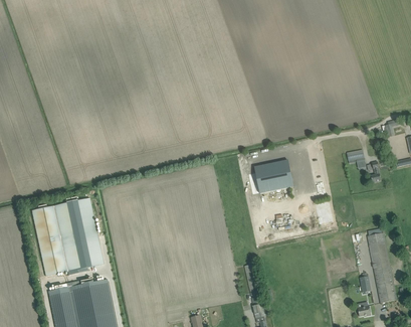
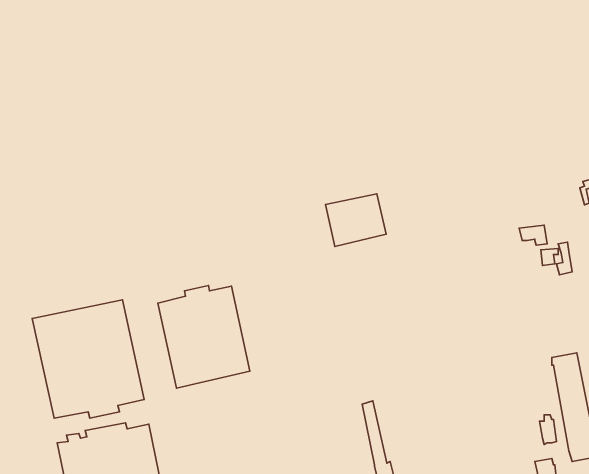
building: [253,159,292,193] -> [326,194,386,247]
building: none -> [158,285,250,388]

